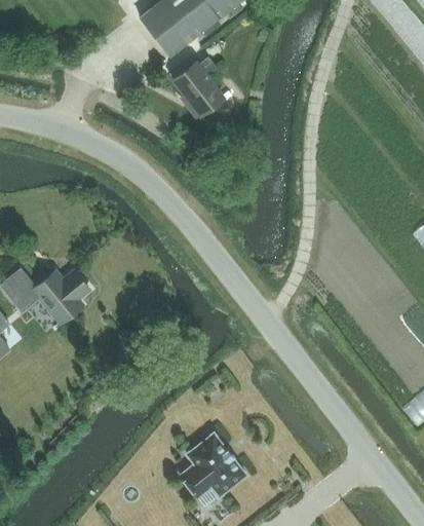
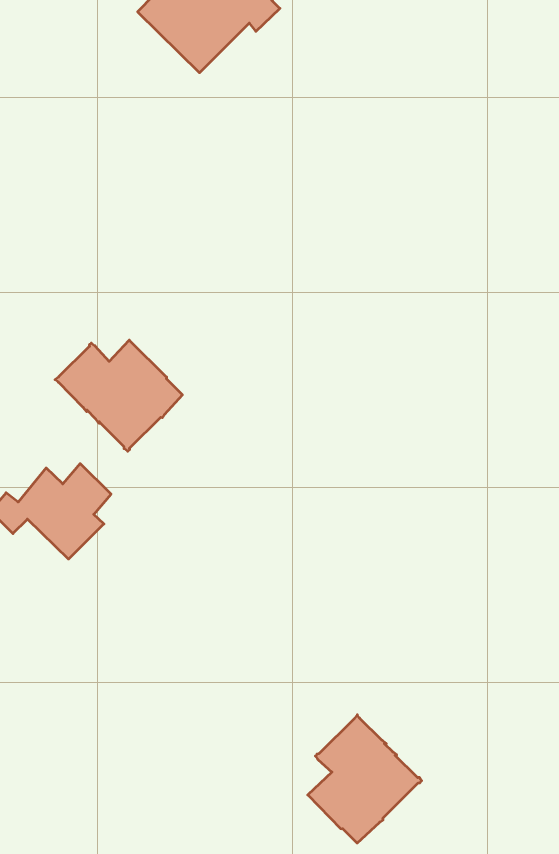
building: [172,64,223,118] -> none
building: none -> [55,340,182,451]

